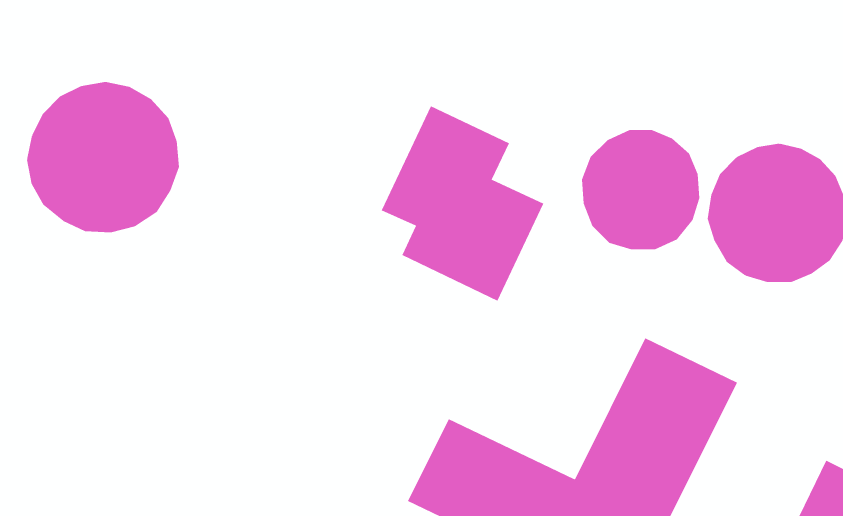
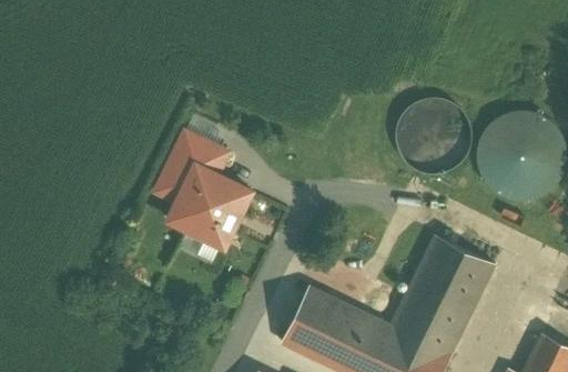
building: [27,81,180,233] -> none
building: [381,105,544,302] -> [150,127,255,253]

